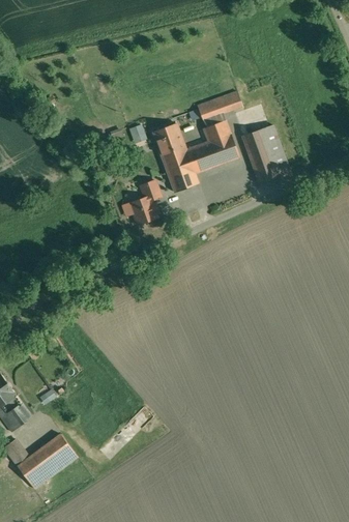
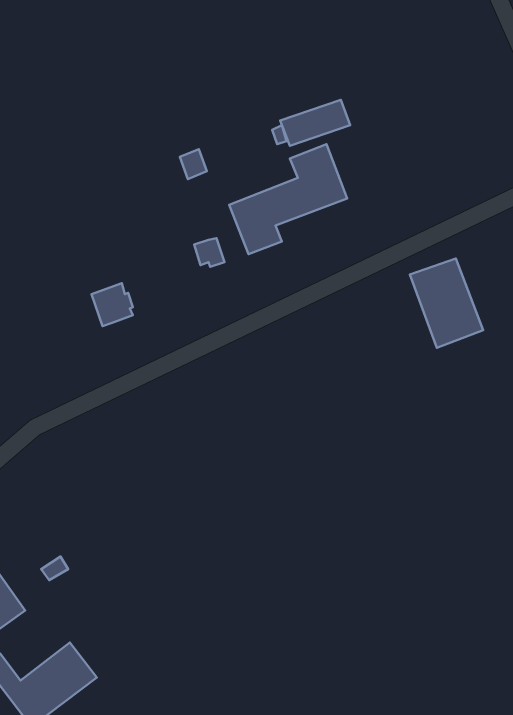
building: [153,120,186,156] -> none
building: [242,123,290,181] -> [410,259,483,348]
building: [130,195,157,223] -> [91,283,133,326]

